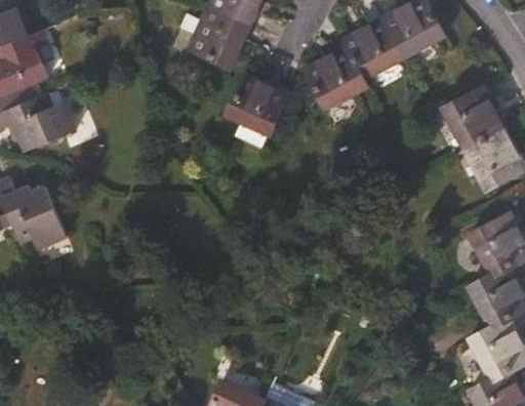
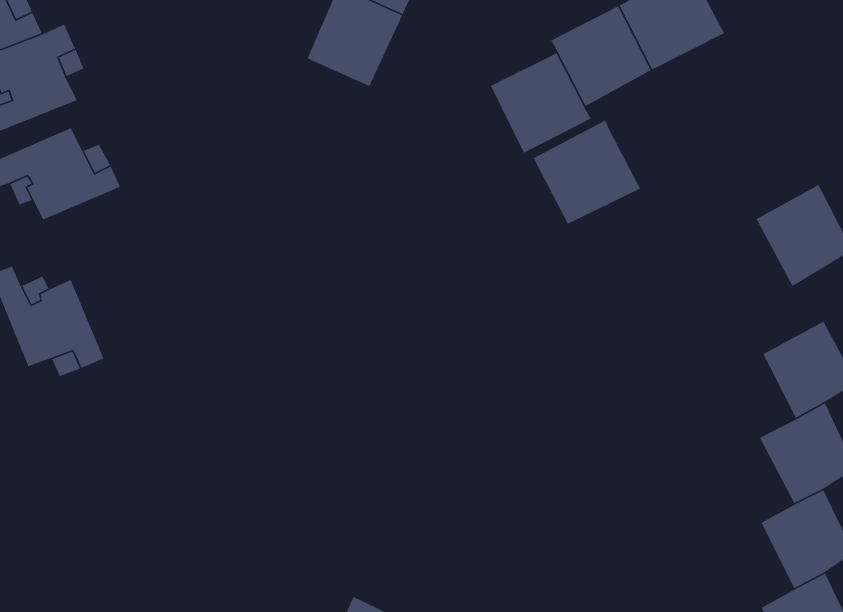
building: [226,75,289,135] -> none
building: [442,86,504,151] -> none
building: none -> [532,119,641,225]

